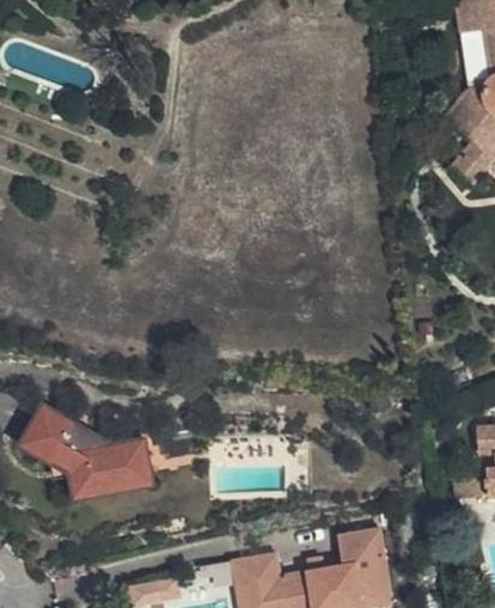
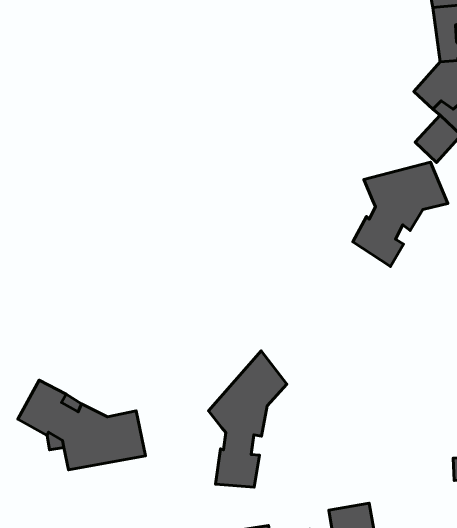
building: none -> [353,162,448,267]
building: none -> [209,351,287,487]

